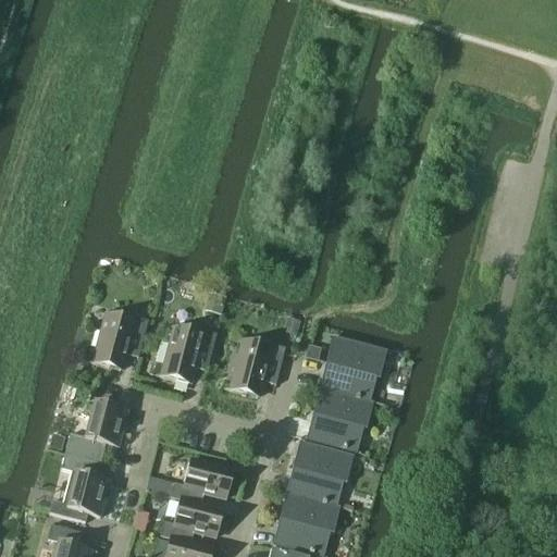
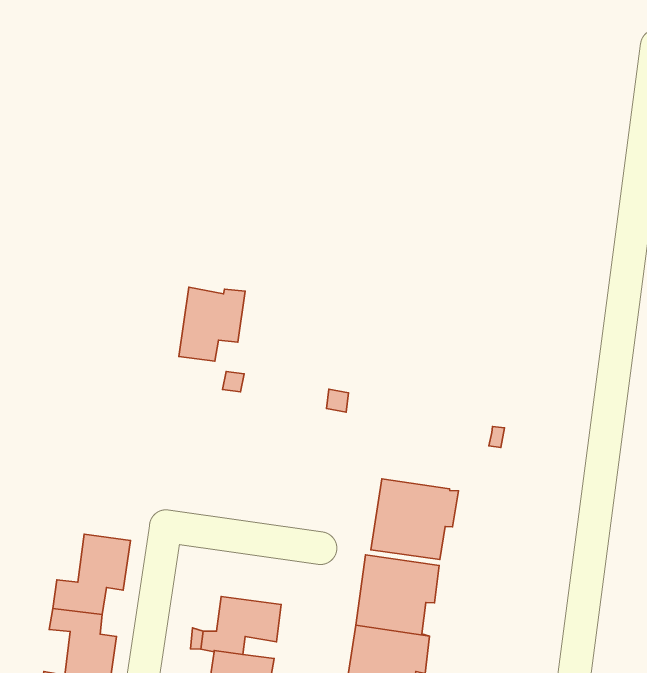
building: [95,311,149,368] -> none
building: [163,324,218,381] -> [179,287,245,361]
building: [319,335,387,398] -> none
building: [232,338,286,395] -> none

